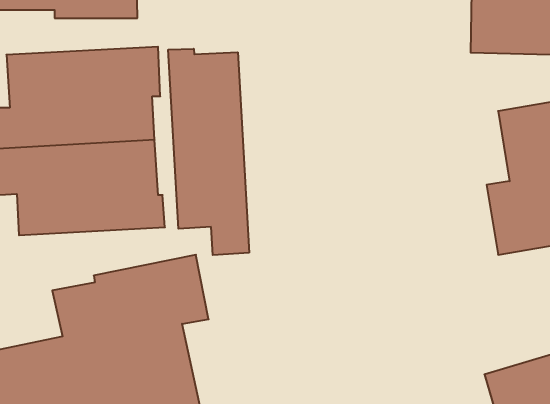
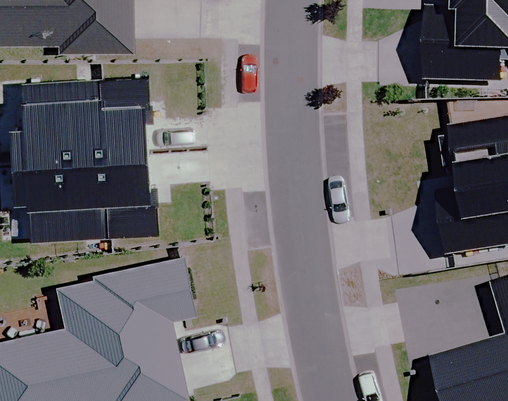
building: [168,49,249,255] -> none

